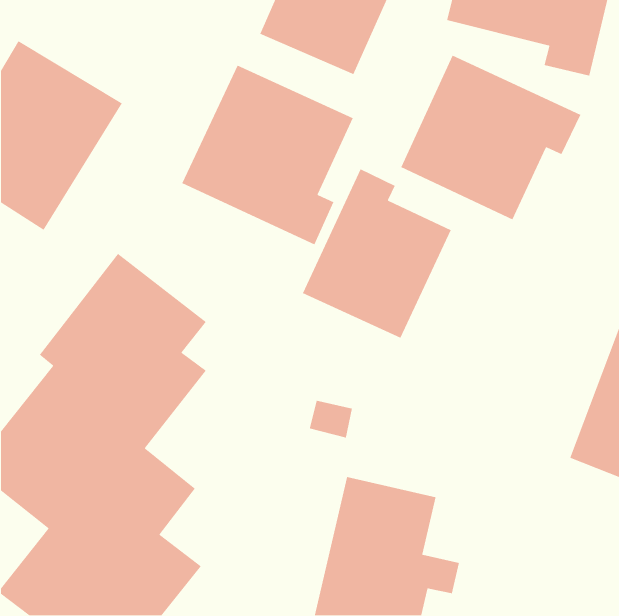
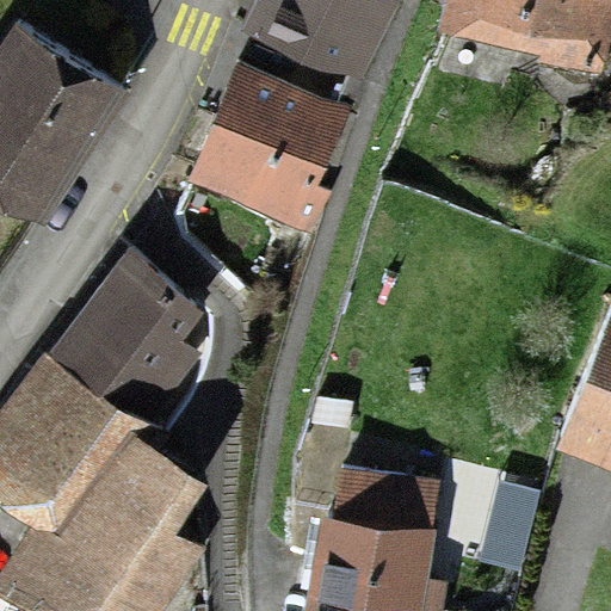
building: [400,55,582,220] -> none
building: [302,168,452,339] -> none

